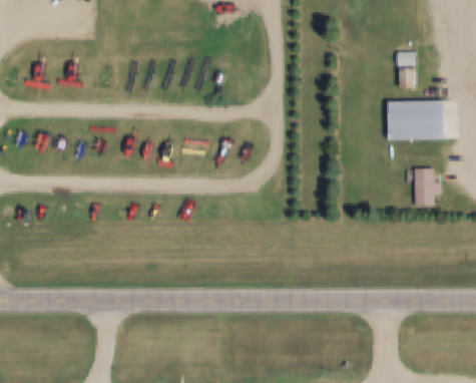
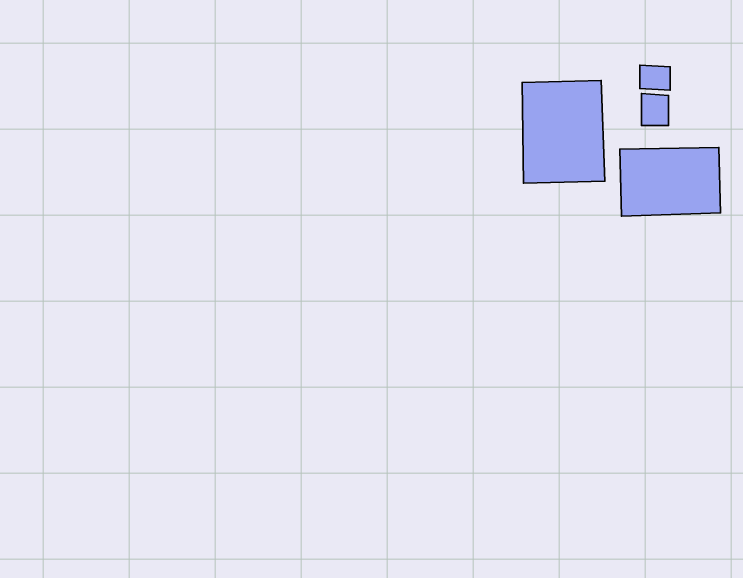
building: none -> [522,81,605,183]
building: [415,168,443,207] -> none

